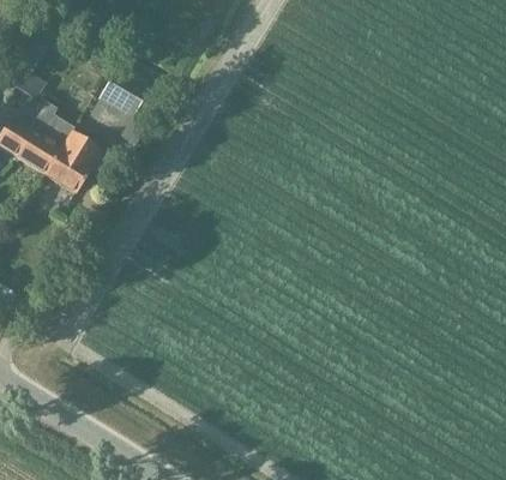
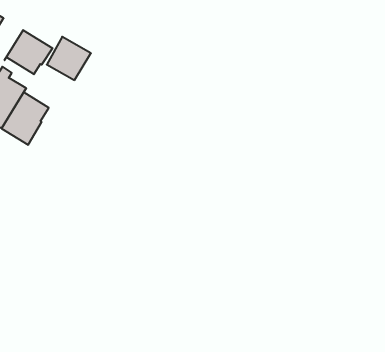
building: none -> [5,30,52,74]

